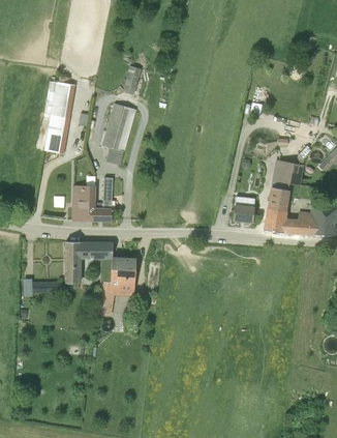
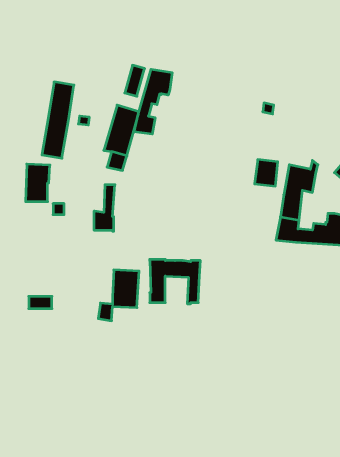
building: none -> [134,69,172,134]
building: [72,184,95,220] -> [26,164,50,202]
building: [233,196,254,221] -> [255,160,278,186]
building: [65,241,113,283] -> [150,259,200,304]

